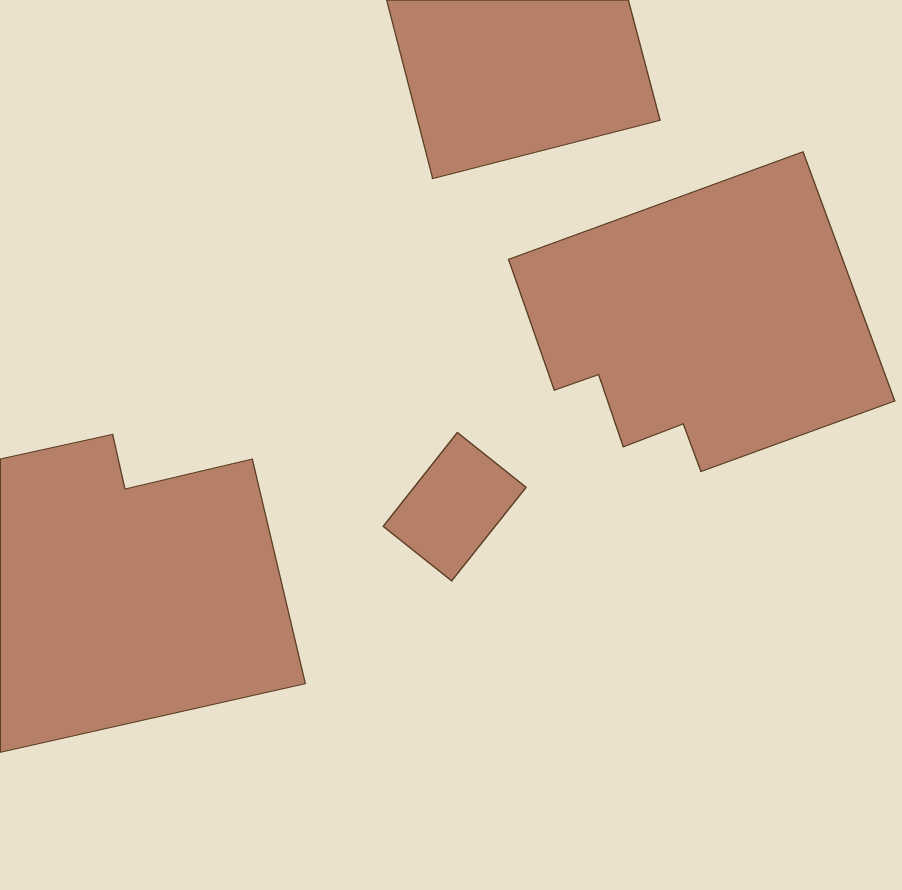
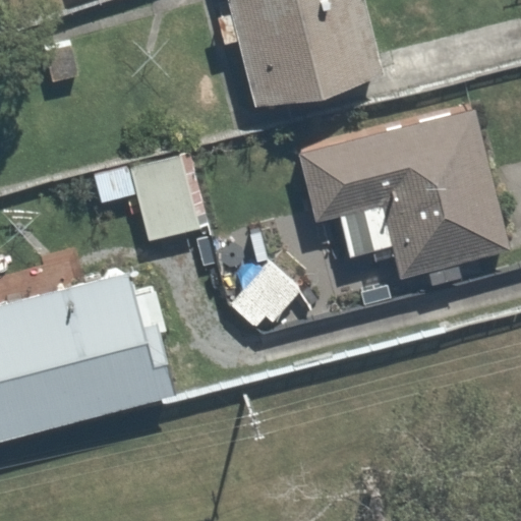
building: none -> [86,153,198,245]

